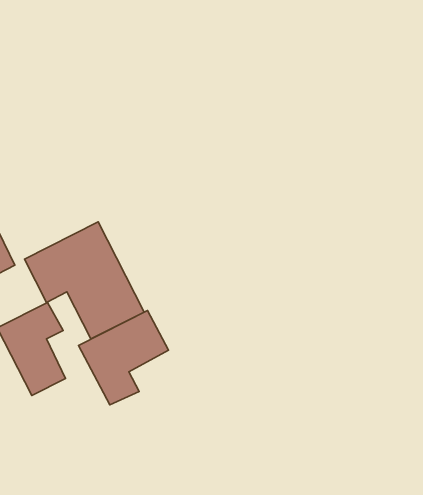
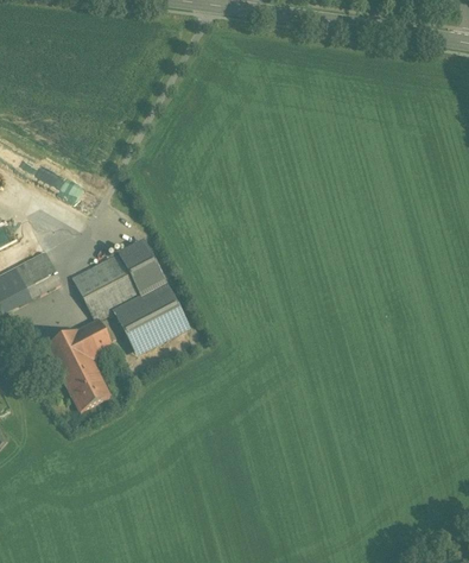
building: [79,310,168,405] -> none

